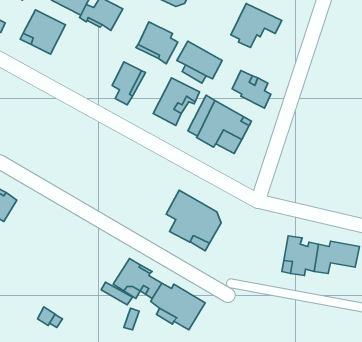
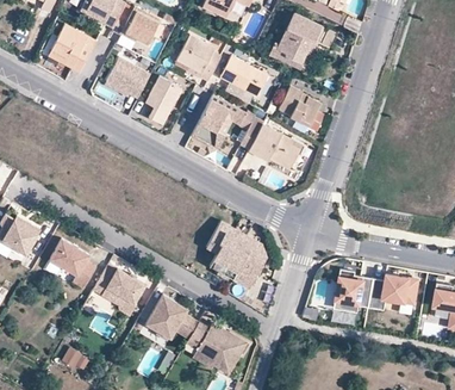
building: none -> [104,56,149,98]
building: none -> [51,240,98,290]
building: none -> [95,270,147,305]

